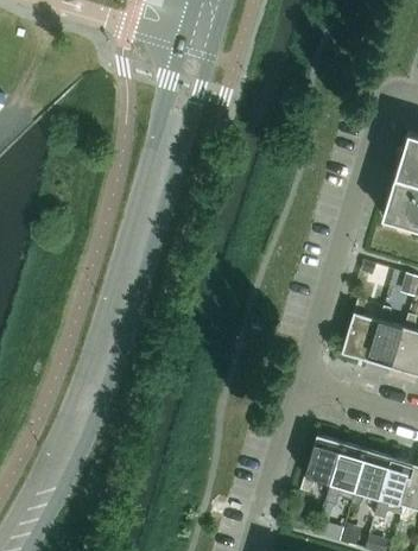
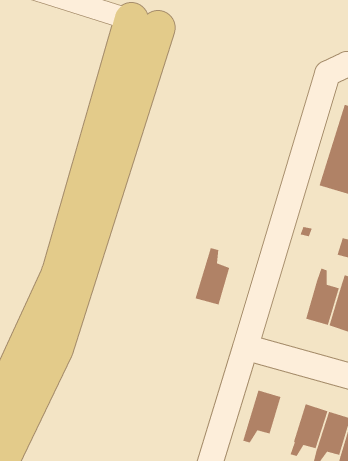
building: [341,299,379,361] -> [194,247,230,305]
building: [325,443,367,500] -> none

